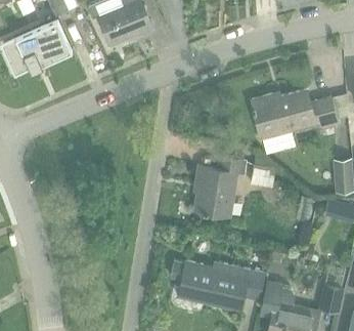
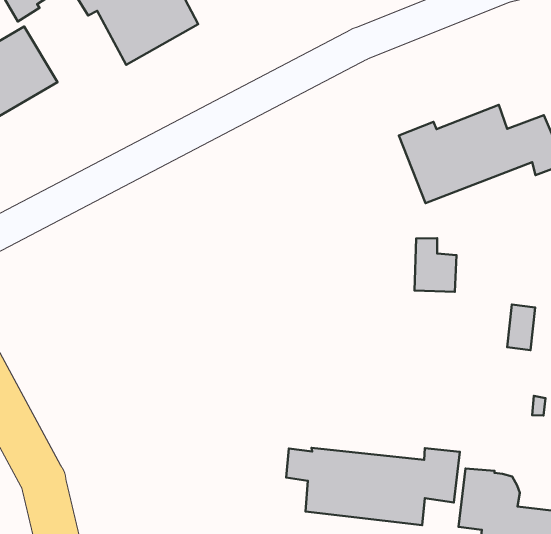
building: [195,157,246,216] -> none

